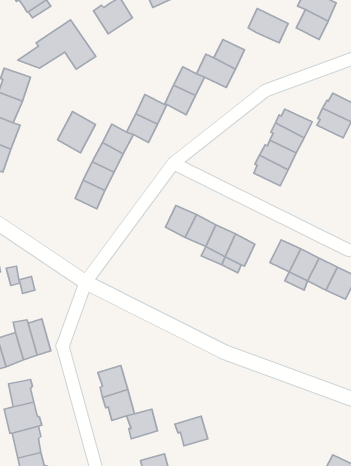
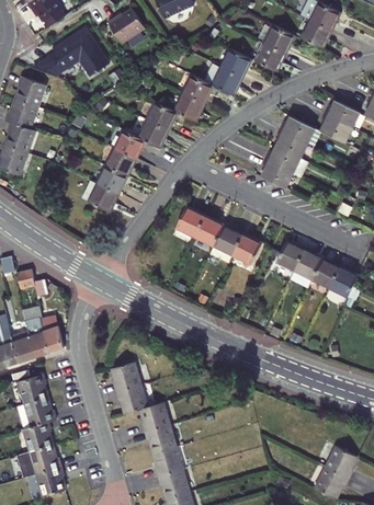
building: none -> [252,42,283,70]
building: [57,111,96,153] -> none
building: [175,416,208,446] -> [141,423,173,451]

